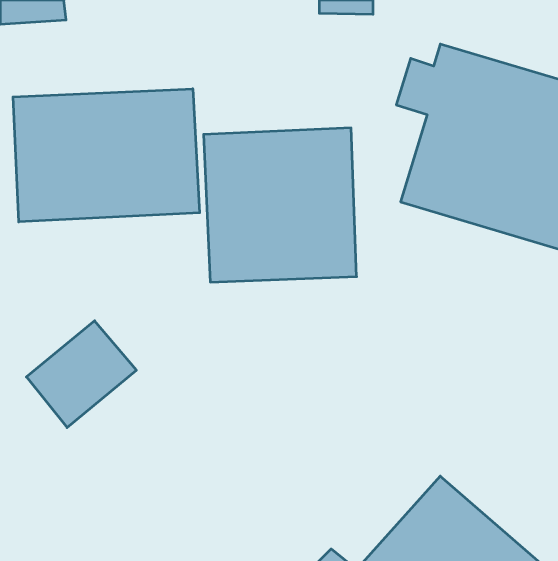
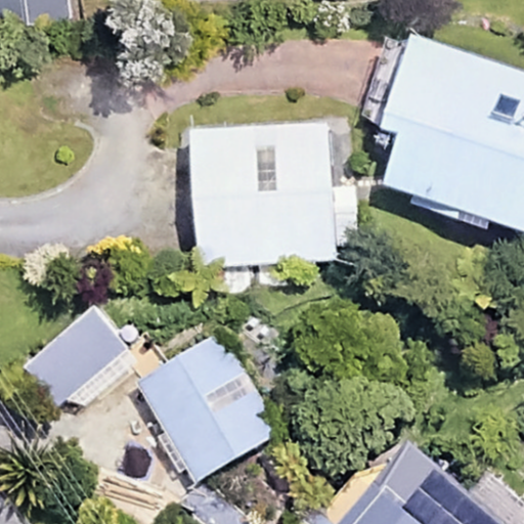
building: [13,89,200,222] -> none
building: none -> [128,328,280,487]

